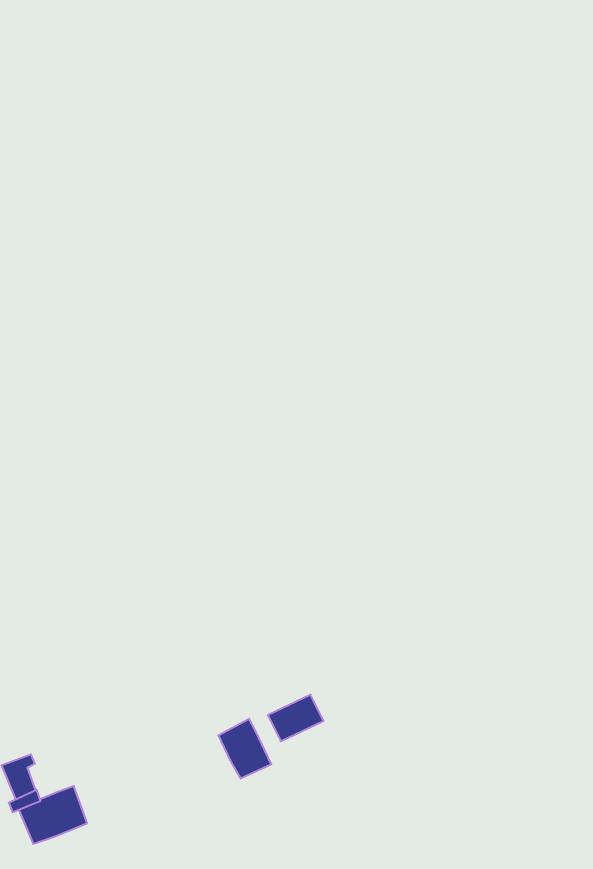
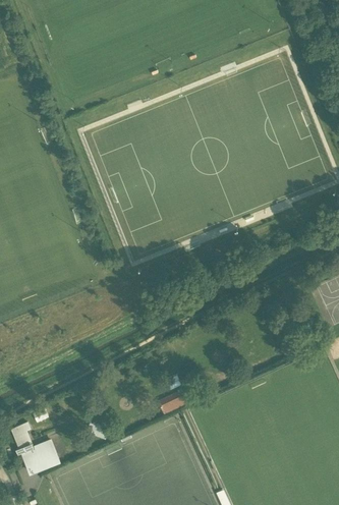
building: [219,719,271,779] -> none

